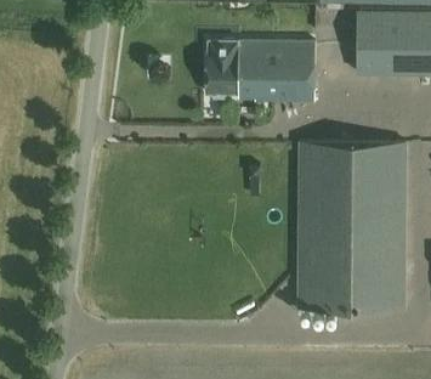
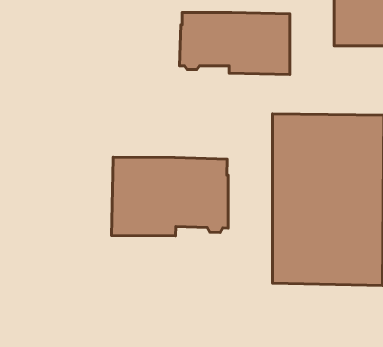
building: none -> [111,157,228,236]

